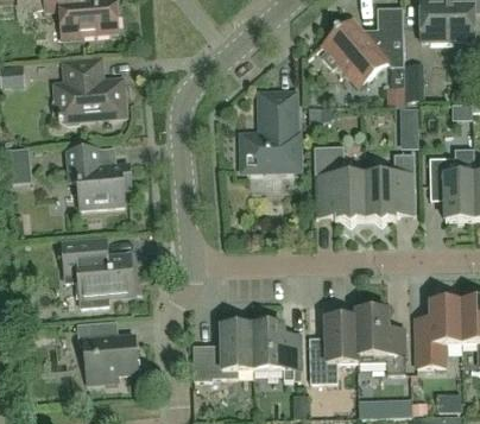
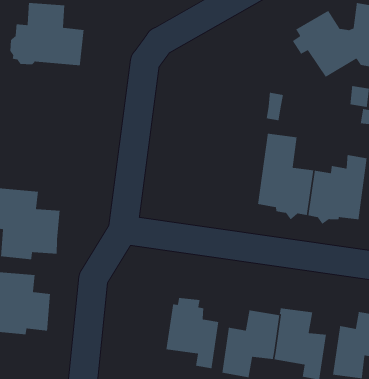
building: [241,91,299,169] -> none
building: [67,146,131,207] -> none
building: [192,323,253,379] -> none

